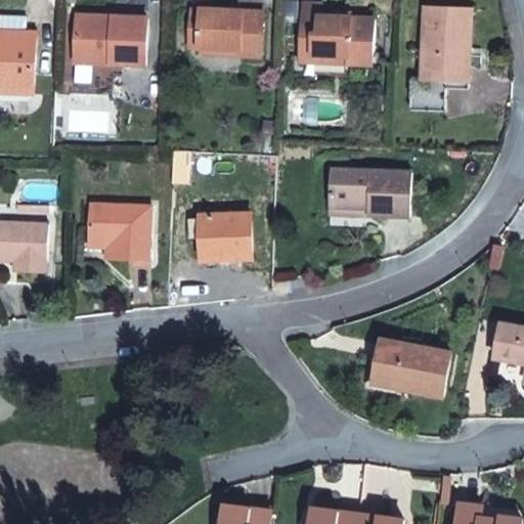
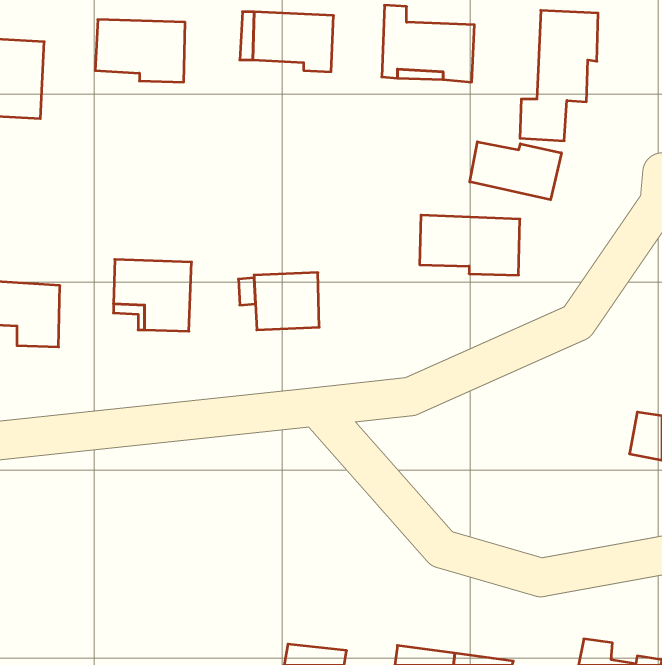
building: none -> [470,142,561,200]
building: [372,339,449,396] -> none

